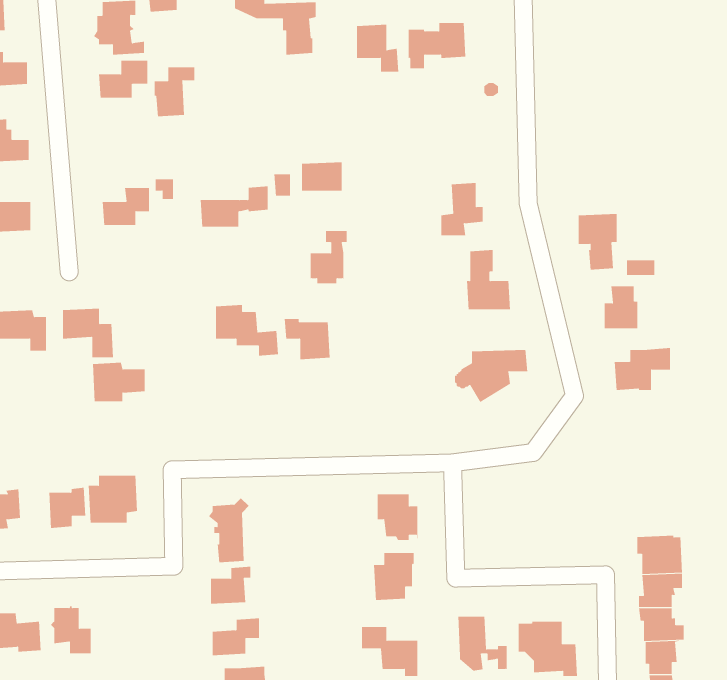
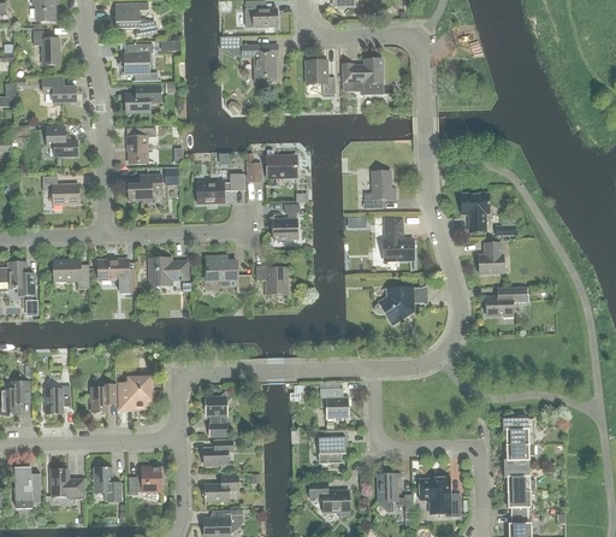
building: [154,67,195,117] -> [126,126,155,161]
building: [92,362,145,402] -> [149,256,186,284]
building: none -> [129,466,161,494]

